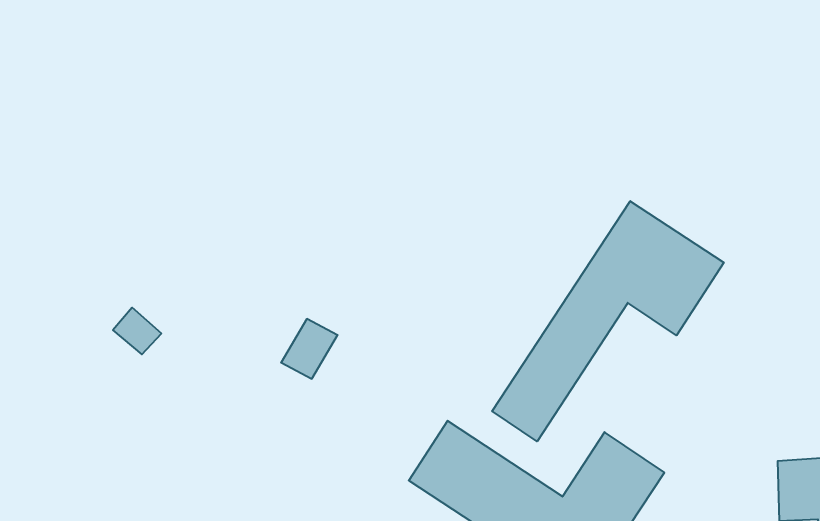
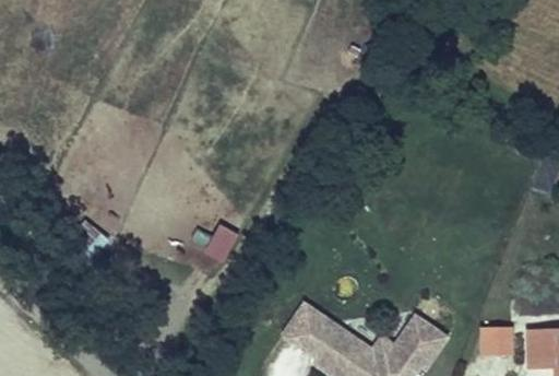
building: [492,201,724,441] -> none
building: none -> [479,325,514,357]

